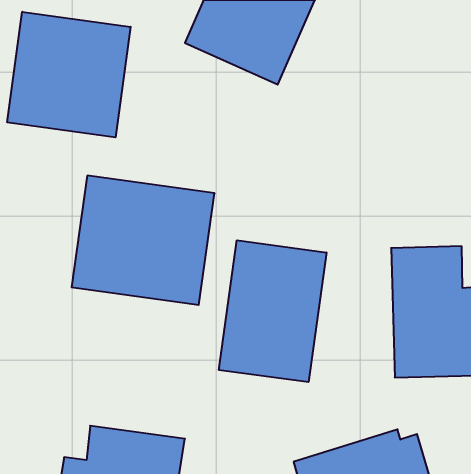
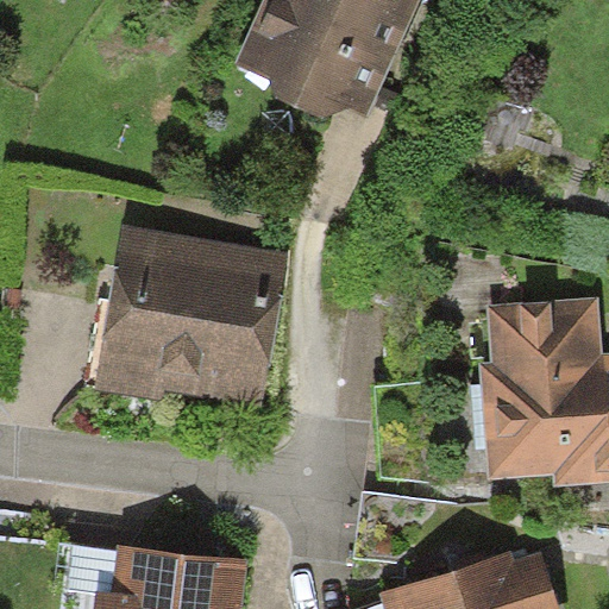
building: [7,12,131,137] -> none
building: [219,240,326,382] -> none

